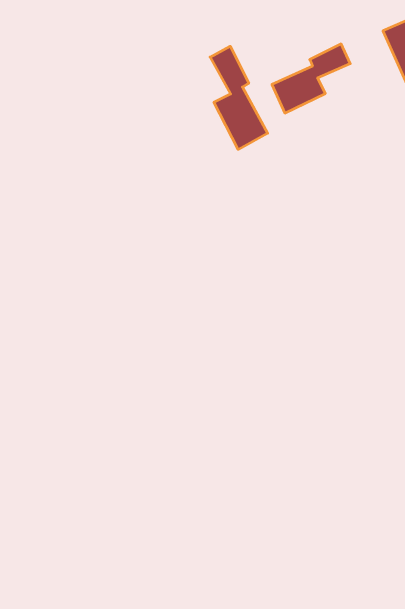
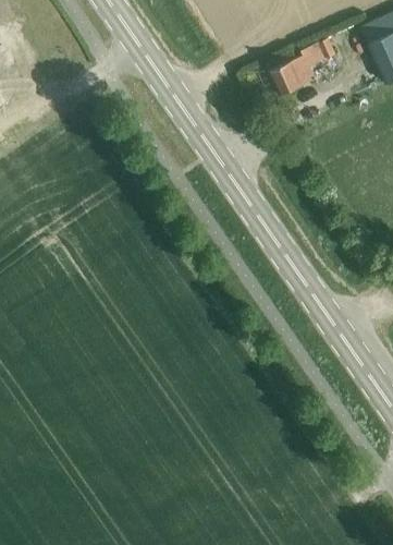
building: [210,46,268,149] -> none

